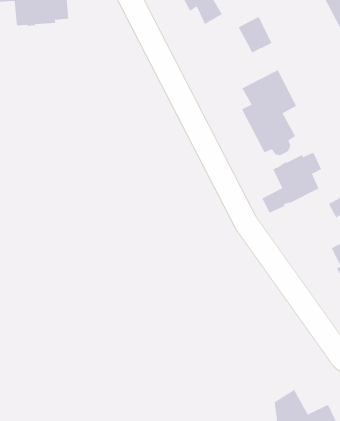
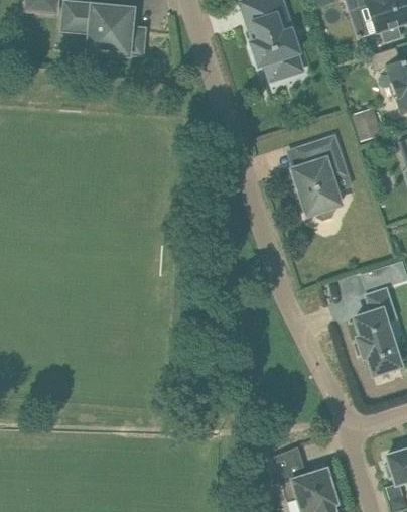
building: [238,16,272,53] -> [352,107,382,141]
building: [262,152,322,213] -> none

